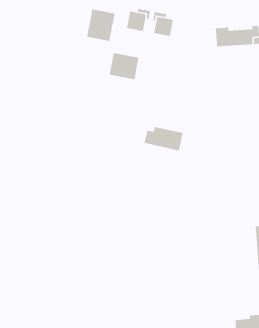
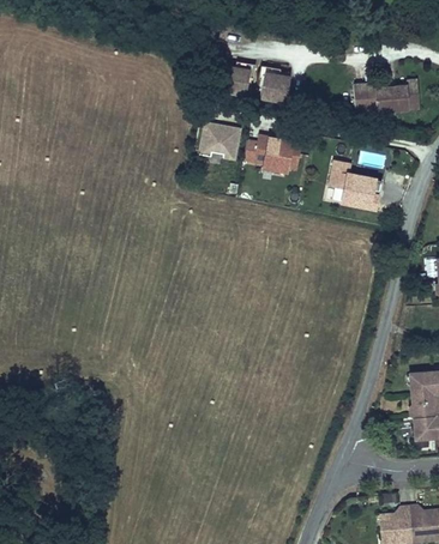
building: [86,9,116,42] -> none
building: none -> [327,159,377,208]
building: [143,126,184,151] -> [243,129,302,167]

